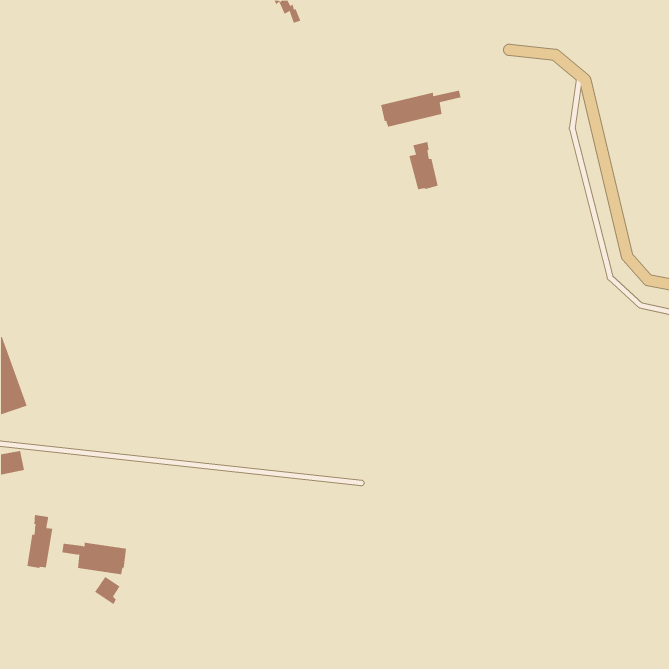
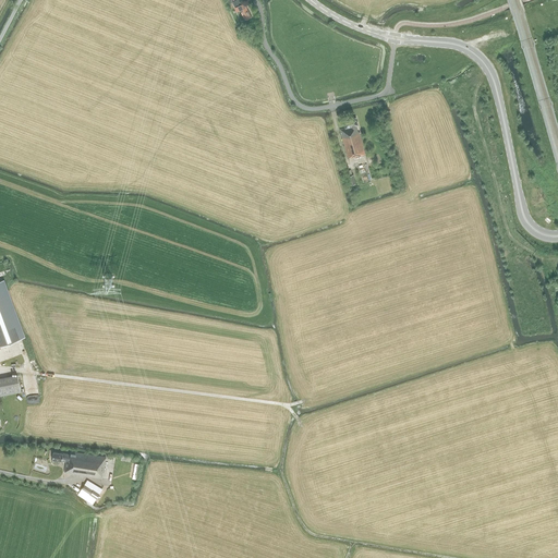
building: [381,90,461,127] -> none
building: [27,514,53,569] -> none

